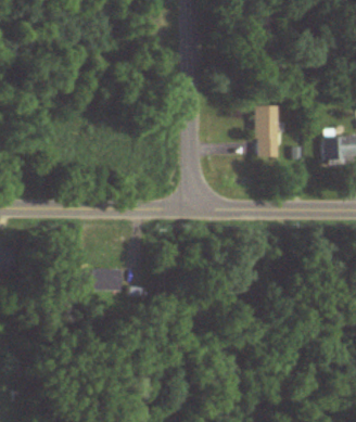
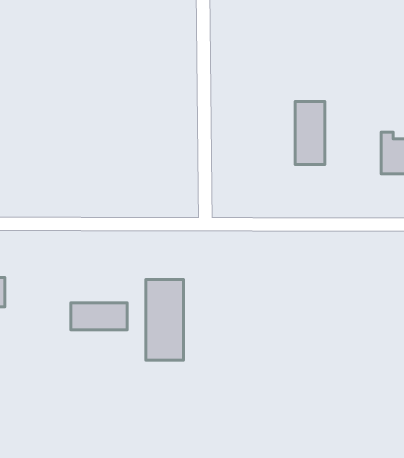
building: none -> [146,280,183,360]

